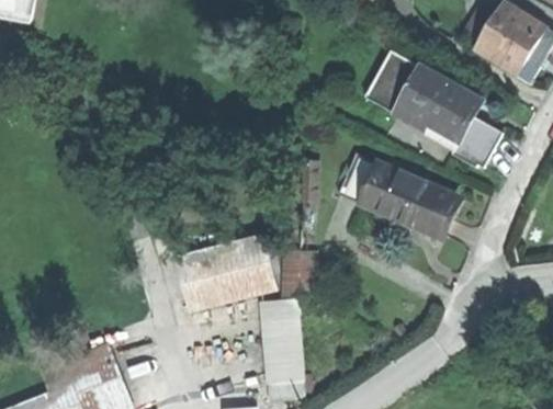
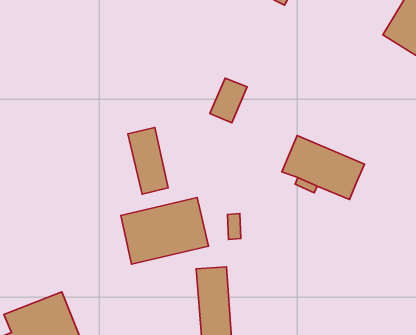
building: [366,49,505,167] -> none
building: [337,154,380,205] -> [210,78,247,123]
building: none -> [128,128,168,194]

